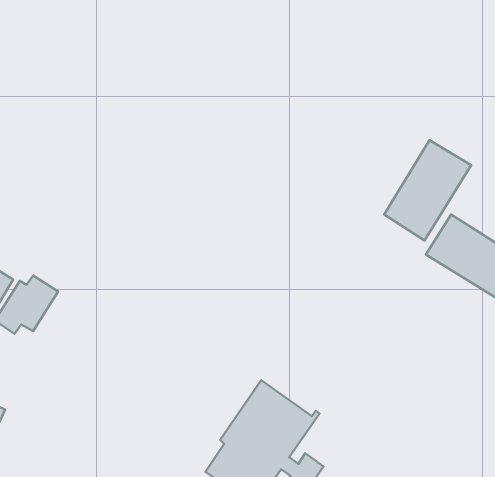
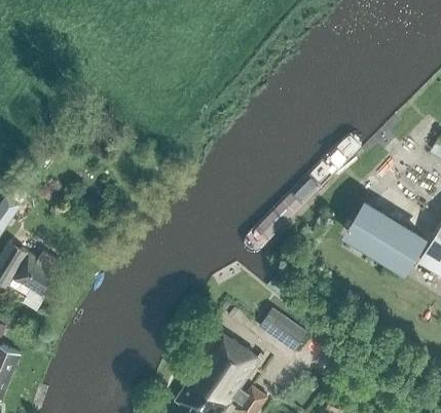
building: [384,140,471,240] -> none
building: none -> [257,309,307,355]

